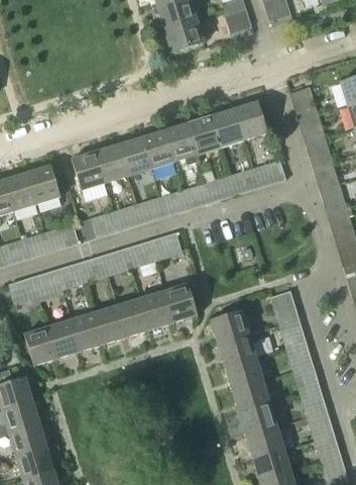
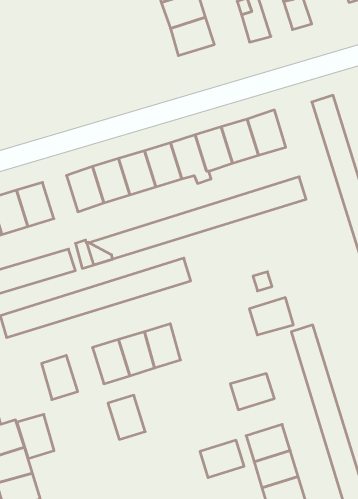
building: [163,284,197,323] -> none
building: [210,311,249,345] -> [249,298,293,335]
building: [71,312,104,352] -> [108,395,145,439]
building: [24,326,57,366] -> [17,414,54,458]
building: [224,358,263,391] -> [200,440,244,478]

